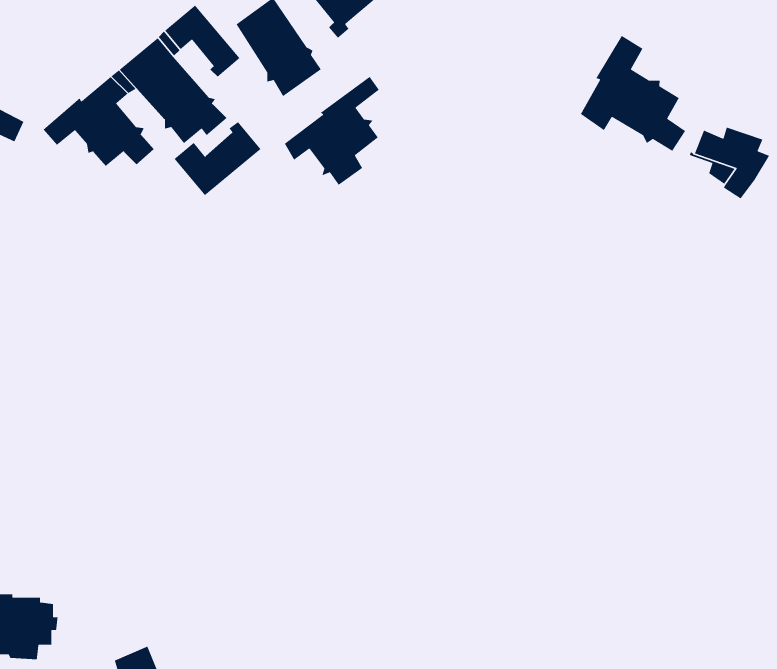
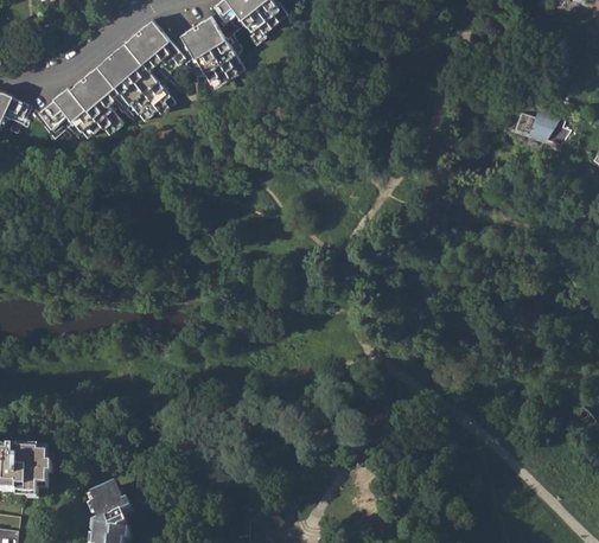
building: [580,35,686,152] -> none
building: [284,76,380,186] -> none
building: [173,121,261,196] -> none

